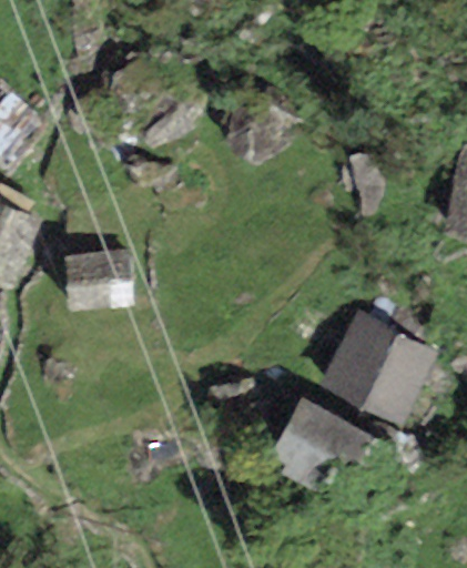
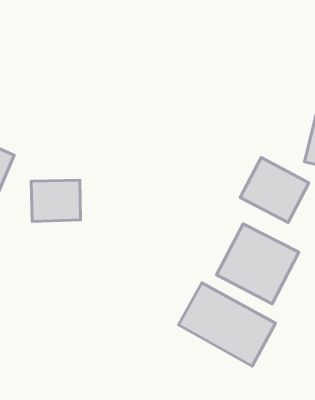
building: none -> [240,158,309,223]

